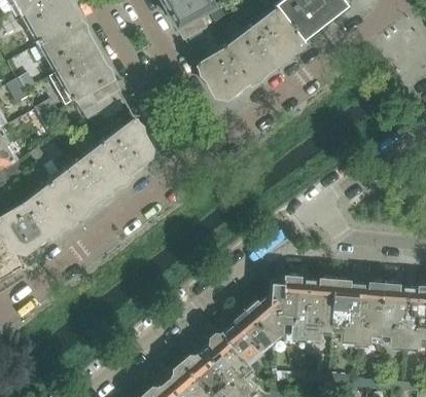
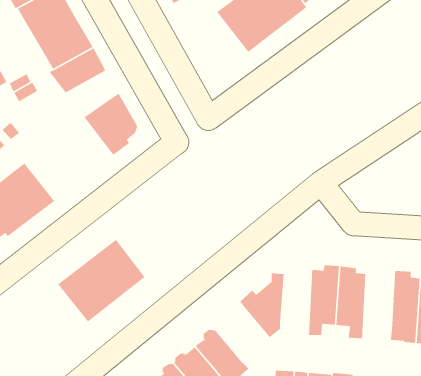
building: [198,46,252,97] -> none
building: [49,142,130,218] -> [57,239,146,323]
building: [282,274,310,340] -> none
building: [356,280,385,345] -> none
building: [222,310,272,366] -> none

